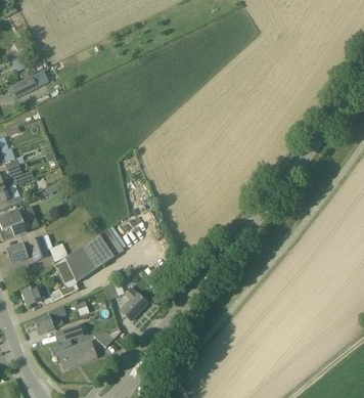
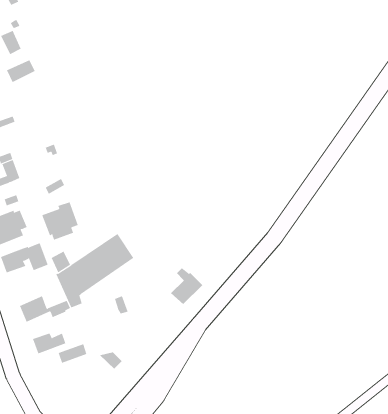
building: none -> [41,201,79,240]
building: [120,288,148,320] -> [170,267,203,305]
building: [58,341,96,368] -> none

